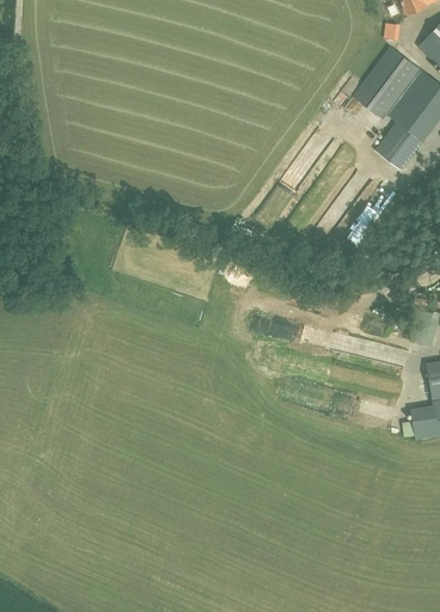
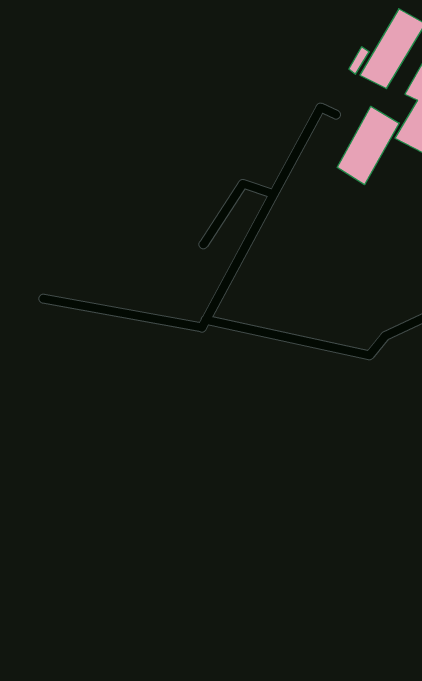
building: none -> [337,106,399,185]

